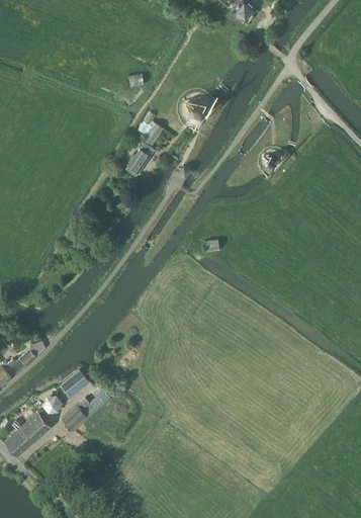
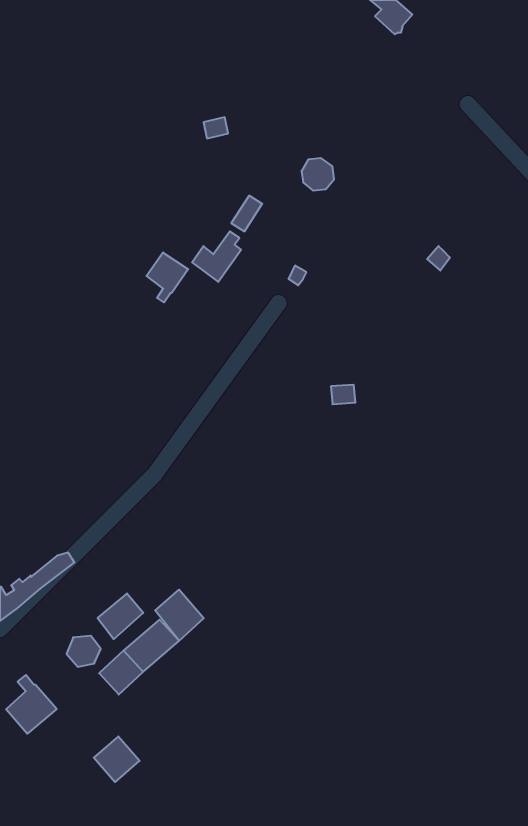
building: none -> [146,252,188,302]
building: none -> [155,590,204,641]
building: [22,413,51,441] -> [94,736,140,782]

